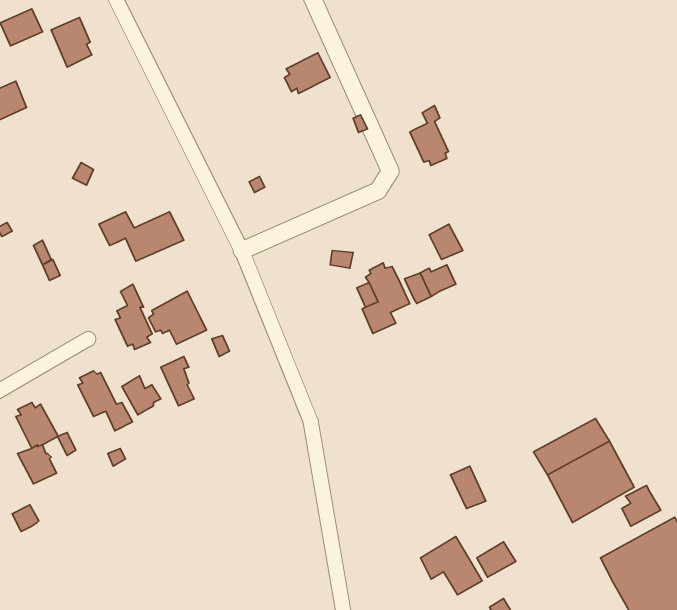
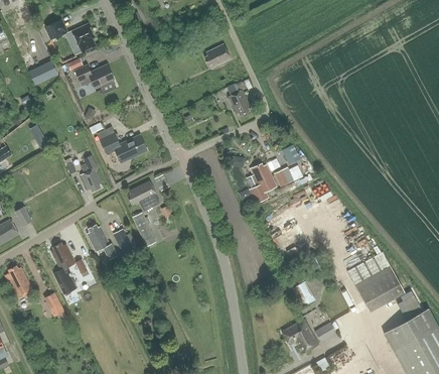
building: none -> [67,58,114,89]
building: [410,106,449,166] -> [228,81,250,115]
building: [115,284,152,350] -> [81,154,102,192]

